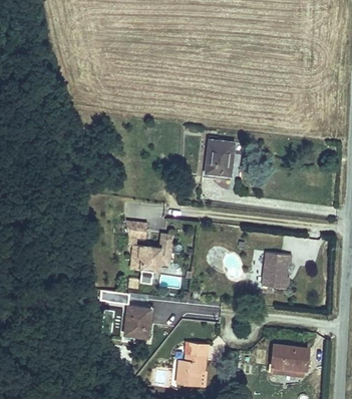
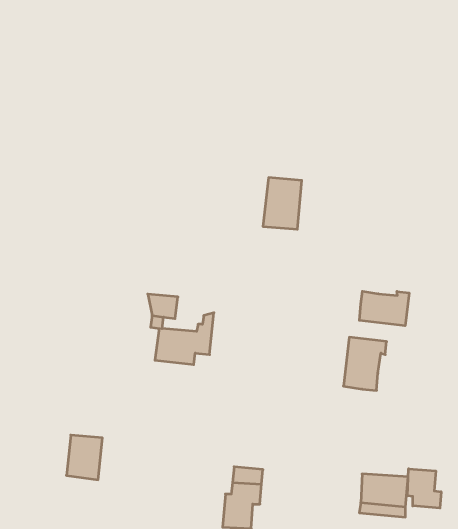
building: none -> [359,291,409,326]
building: [125,306,150,337] -> [66,435,102,480]
building: none -> [407,469,441,508]

